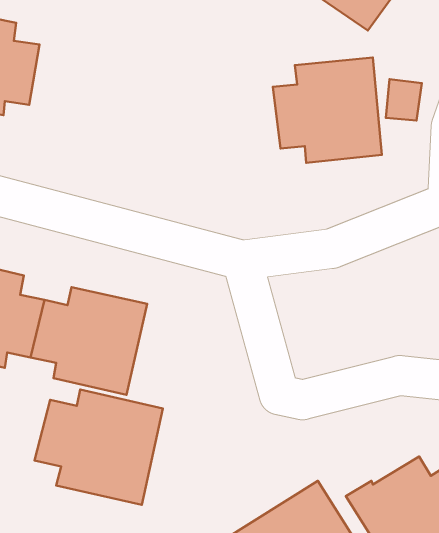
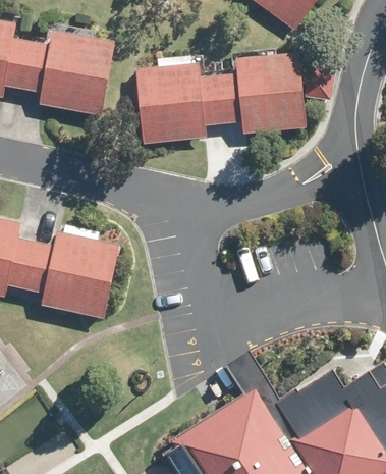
building: none -> [23,30,112,114]
building: none -> [136,62,223,144]
building: [35,389,163,505] -> none

